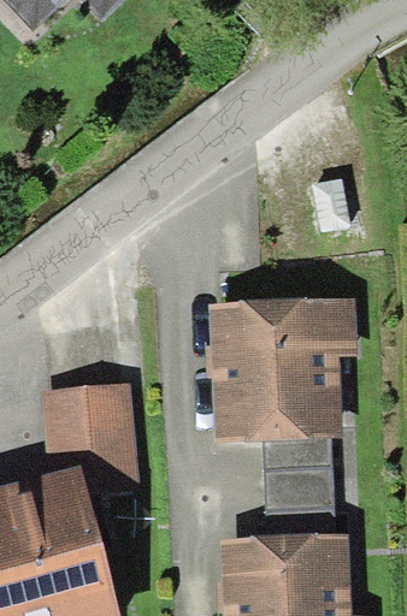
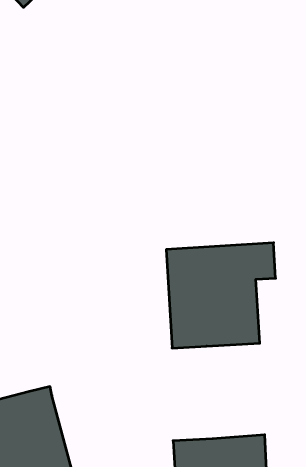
building: [42,392,126,496] -> none
building: [265,432,336,549] -> none

